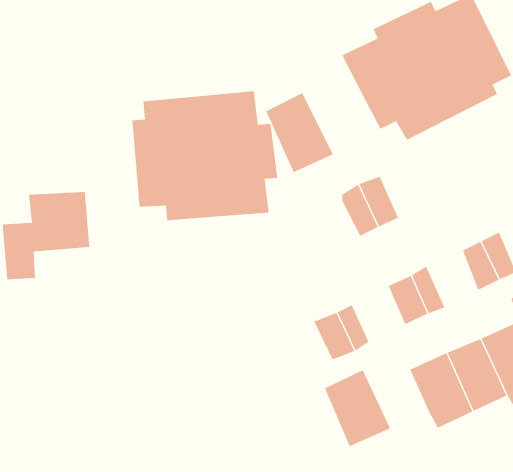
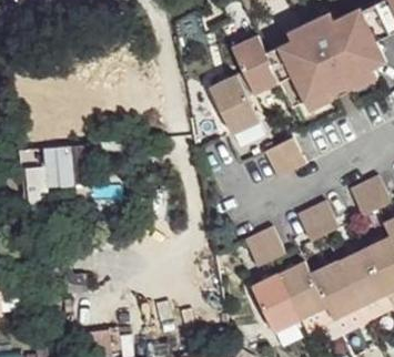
building: none -> [232,35,279,90]
building: [132,91,278,221] -> none
building: none -> [280,263,326,317]

